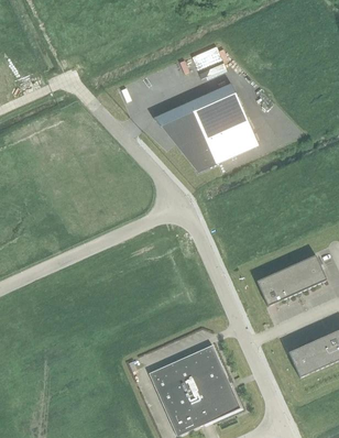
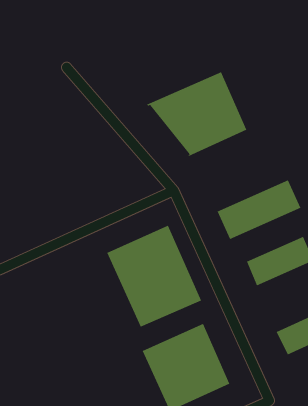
building: none -> [217,179,301,240]
building: none -> [106,225,202,328]

